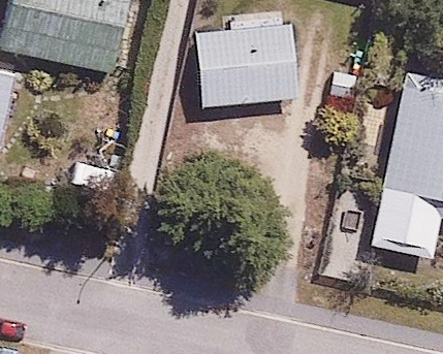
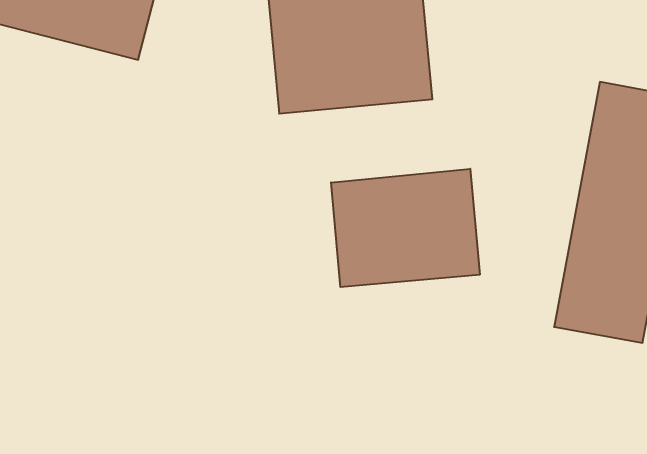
building: none -> [331,169,480,287]

